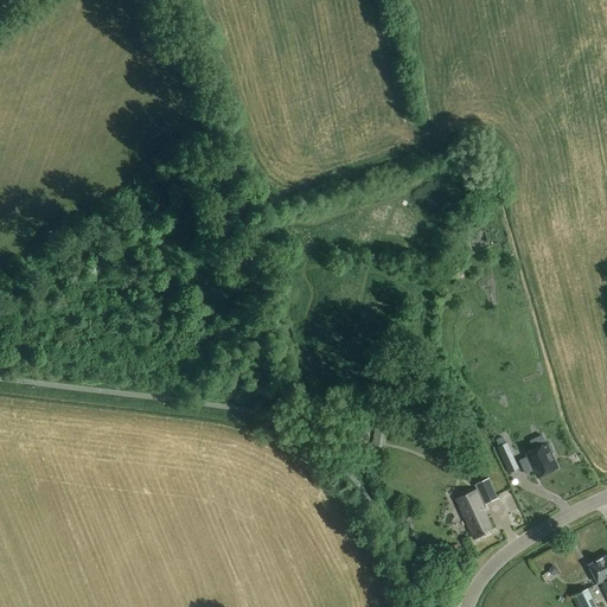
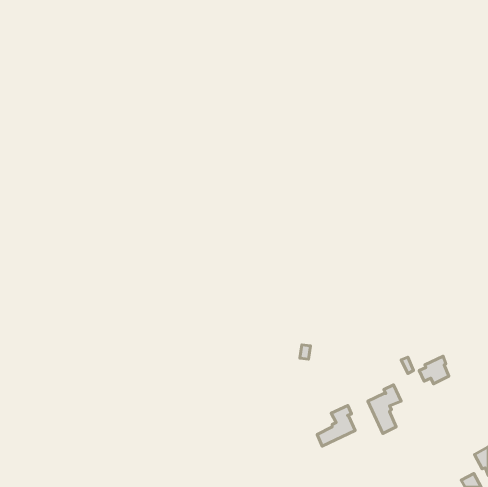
building: none -> [317,406,355,446]

